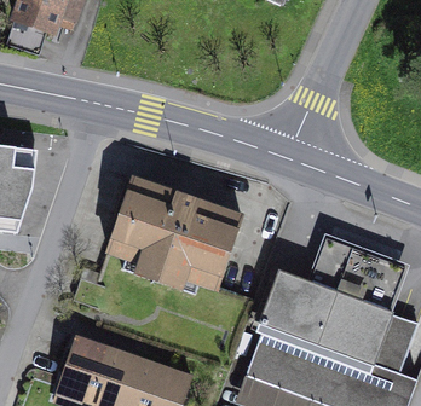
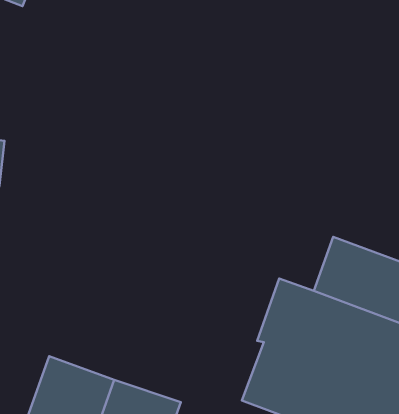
building: [109,180,242,289] -> none

